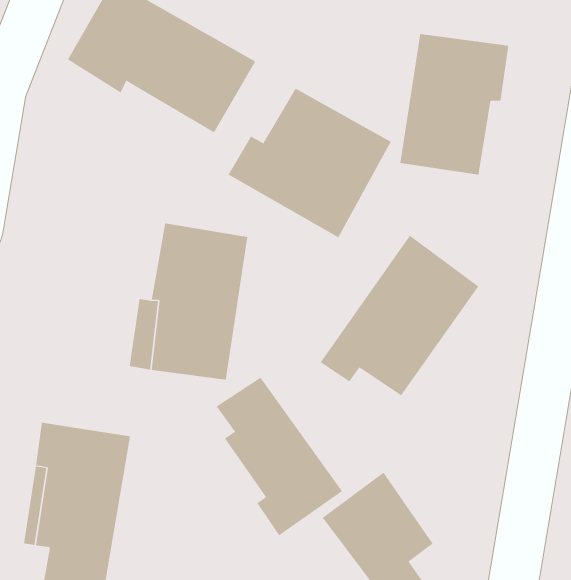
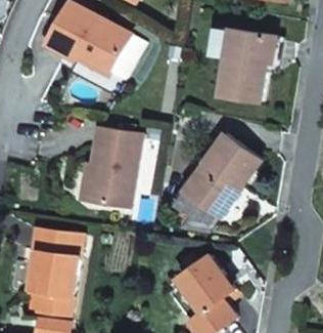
building: [228,88,391,238] -> none
building: [216,377,343,536] -> none

